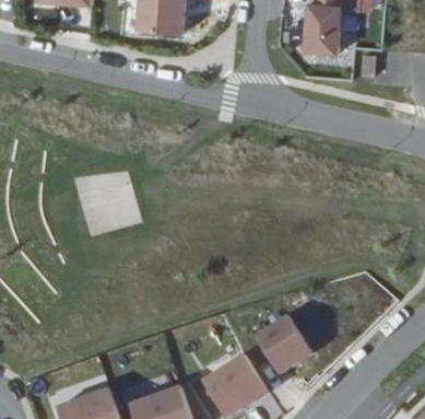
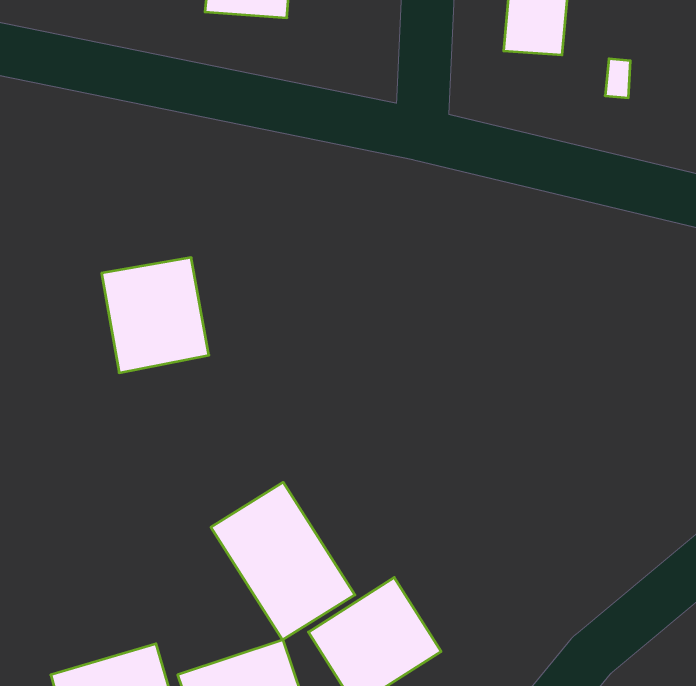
building: none -> [211,482,355,640]
building: [250,312,312,375] -> none

